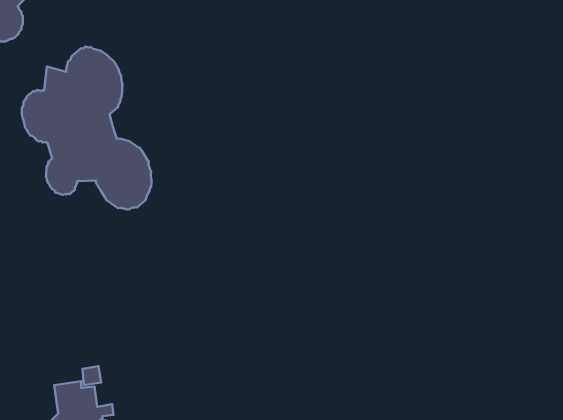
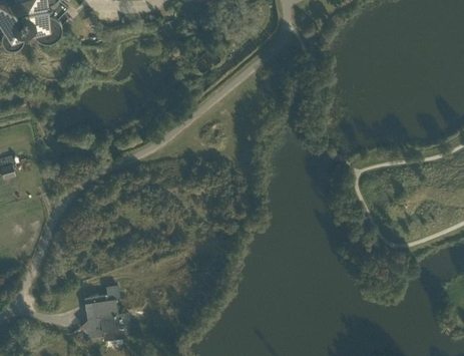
building: [22,47,152,210] -> none

